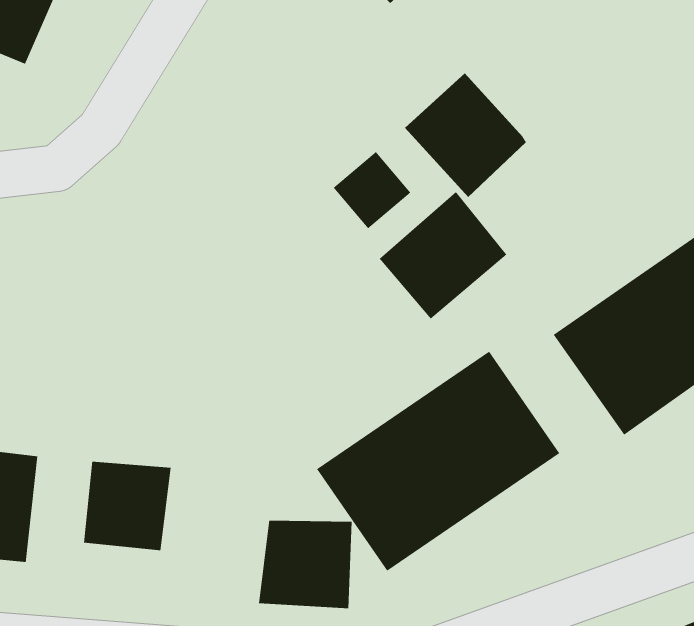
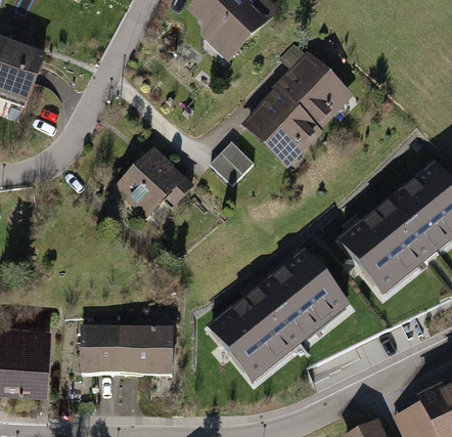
building: none -> [277,55,349,126]
building: none -> [114,144,193,217]
building: [379,191,507,319] -> none
building: [258,520,352,609] -> [123,325,175,376]

